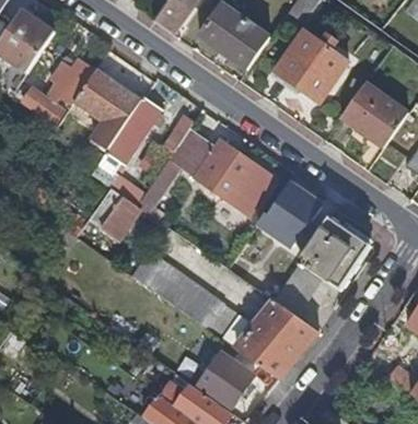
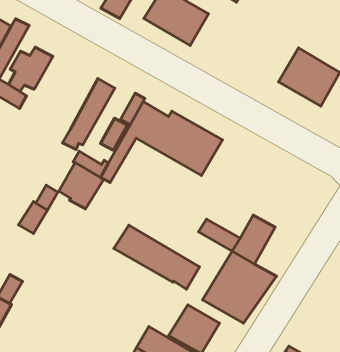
building: [274,32,347,104] -> none
building: [73,69,140,150] -> none
building: [257,187,318,246] -> none
building: [299,216,371,290] -> none

